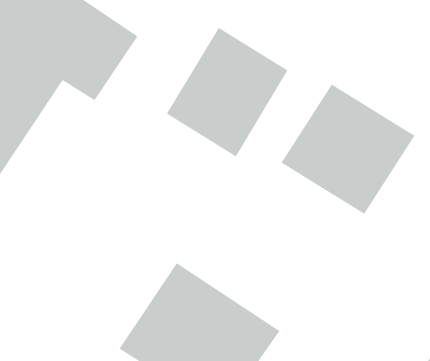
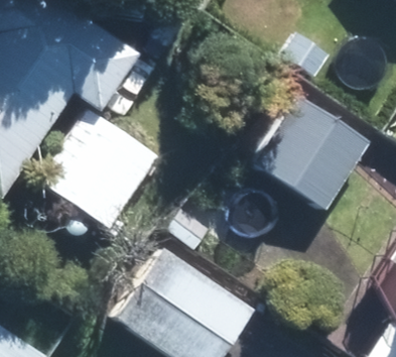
building: [166,27,289,157] -> none
building: none -> [39,110,159,230]

